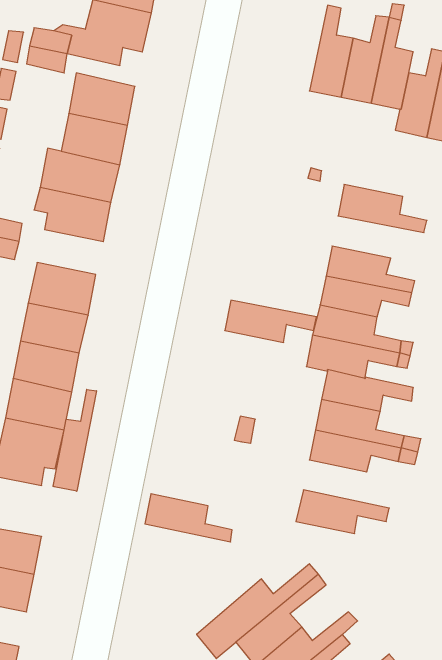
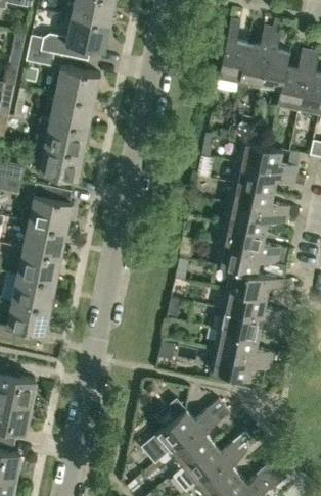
building: [225,300,317,342] -> [233,162,295,191]
building: [53,389,96,491] -> none
building: [145,494,232,542] -> [214,328,273,360]

